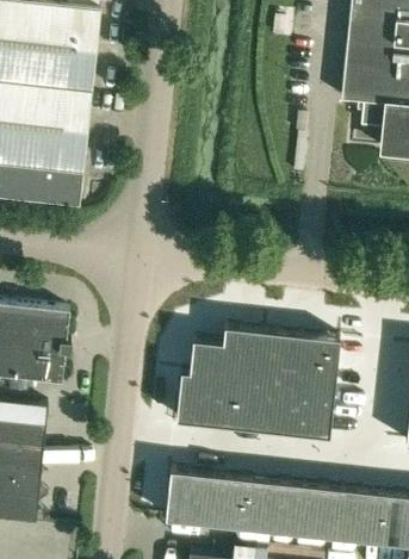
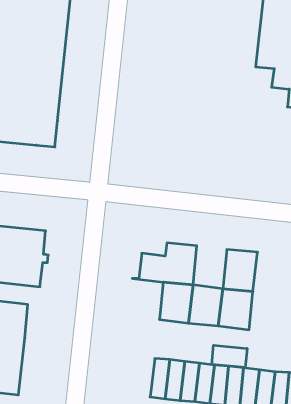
building: [258,333,300,387] -> none
building: [175,374,219,427] -> none
building: none -> [212,345,247,368]
building: [165,472,209,526] -> none

